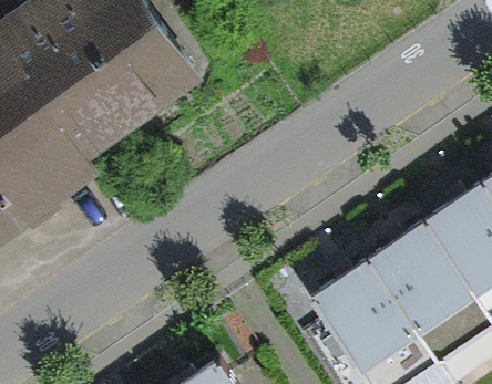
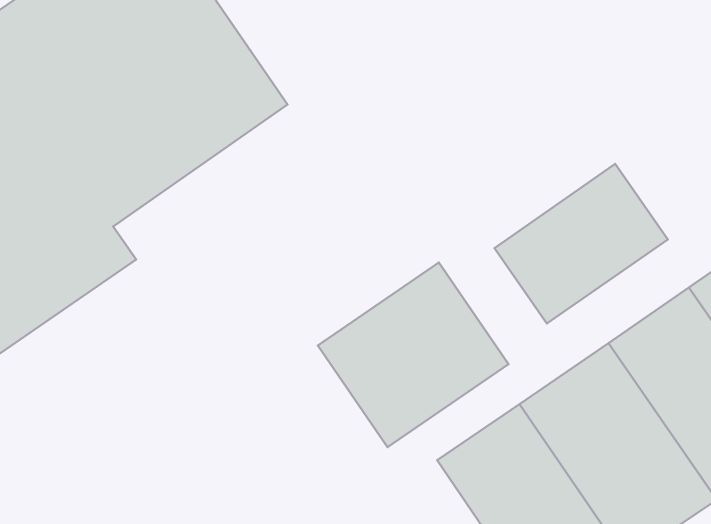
building: none -> [494,164,668,324]
building: none -> [318,262,509,447]

